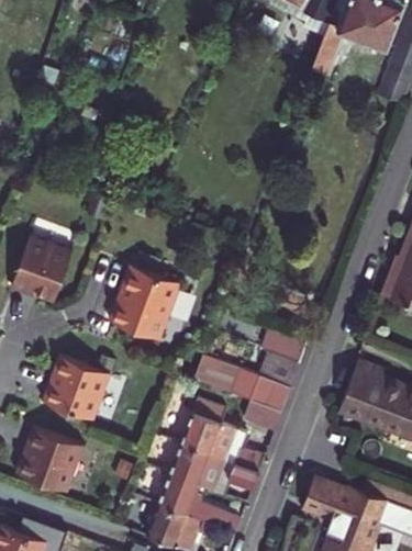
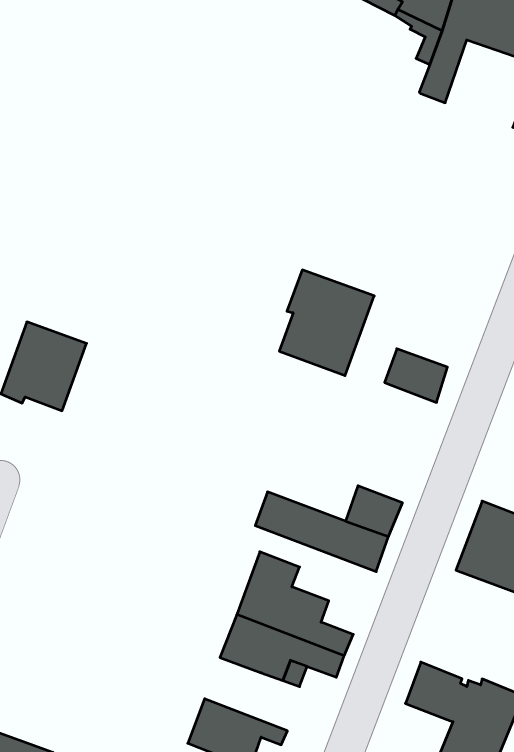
building: [113,265,181,340] -> [279,270,374,376]
building: [263,325,308,363] -> [385,349,447,402]
building: [43,357,111,420] -> none
building: [20,427,85,492] -> none
building: [158,474,241,533] -> none

